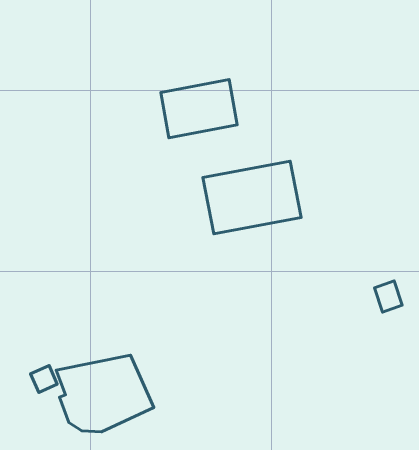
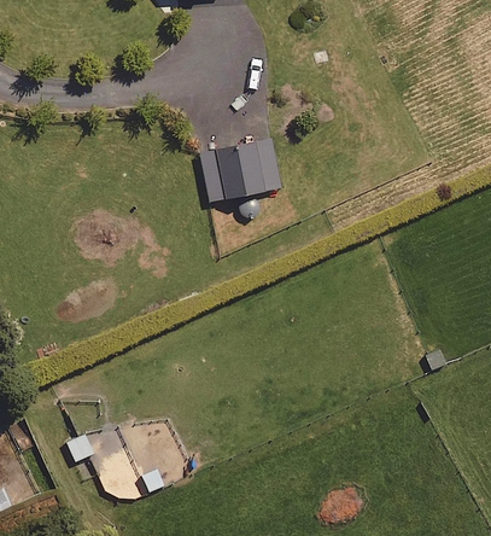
building: [203,161,301,234] -> none

